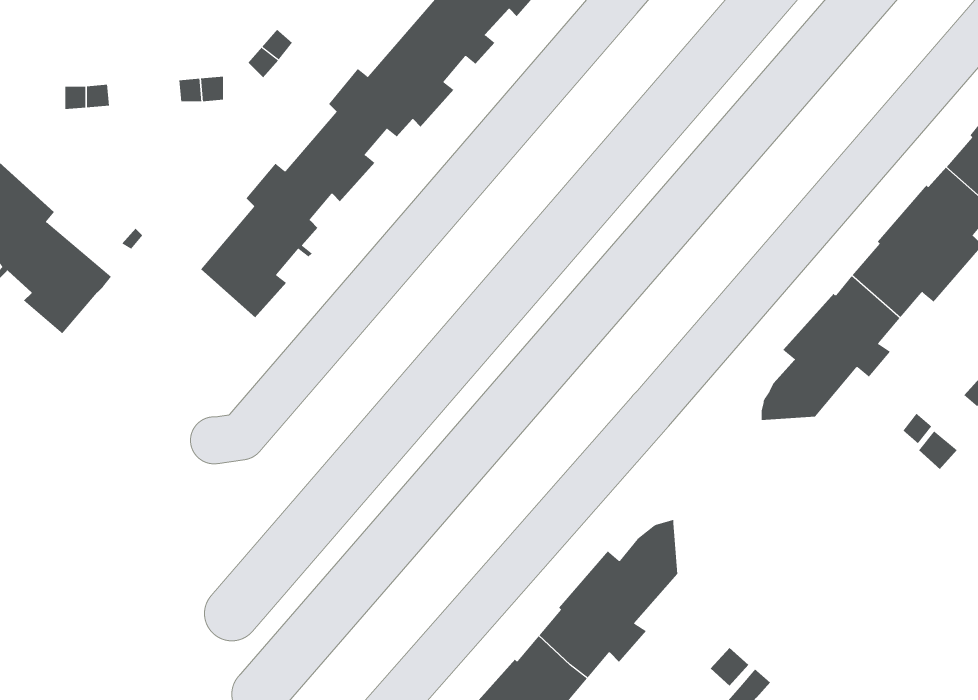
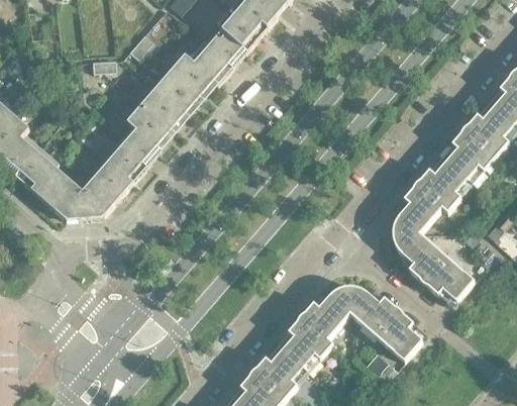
building: none -> [33,157,132,218]
building: none -> [392,232,474,300]
building: none -> [347,285,422,361]

